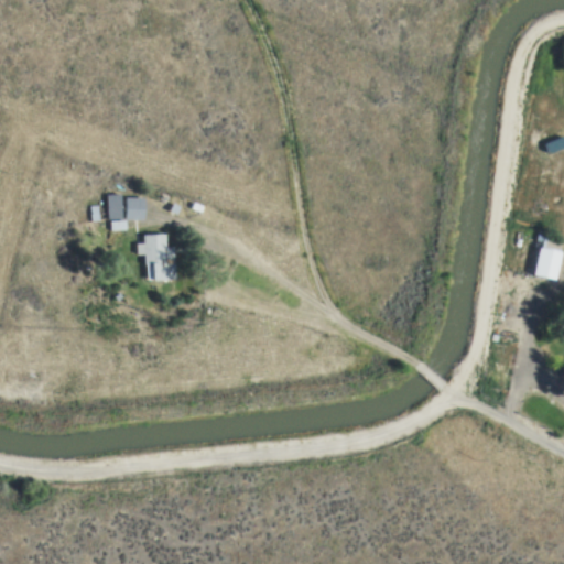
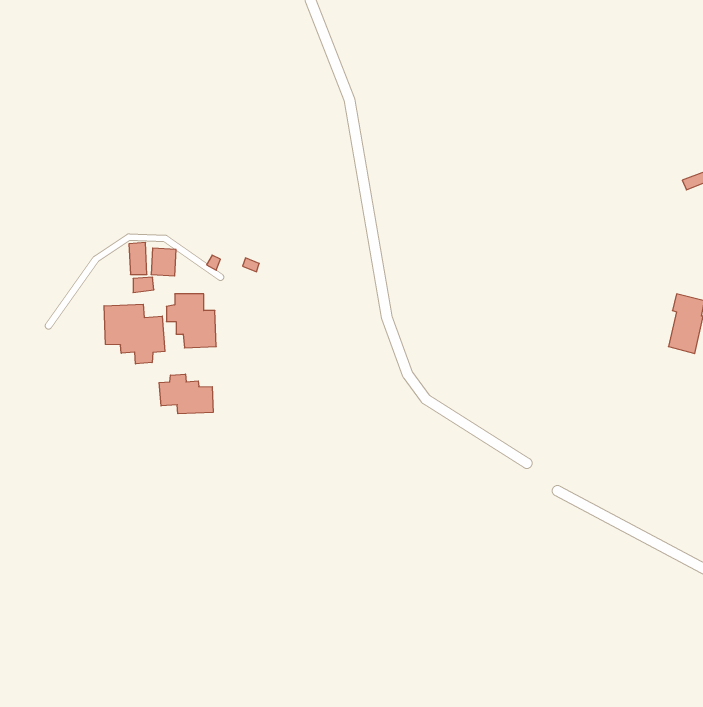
building: none -> [104,304,165,364]
building: none -> [159,374,213,414]

